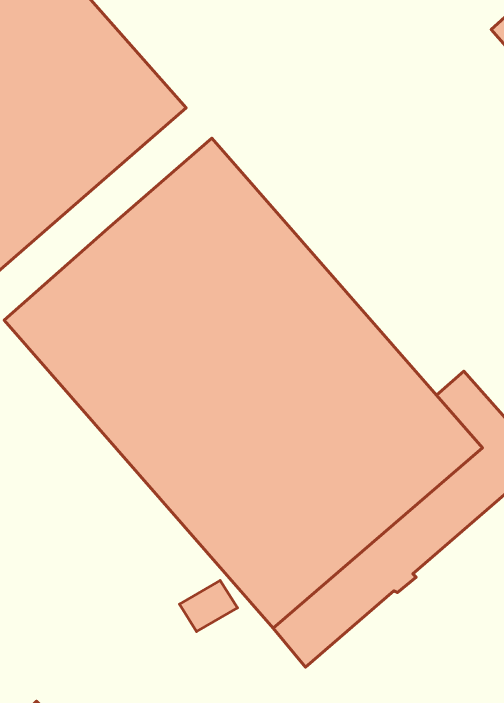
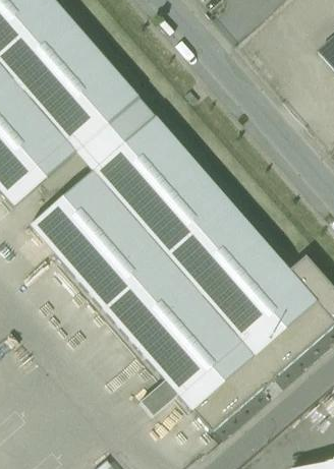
building: none -> [73,97,152,169]

